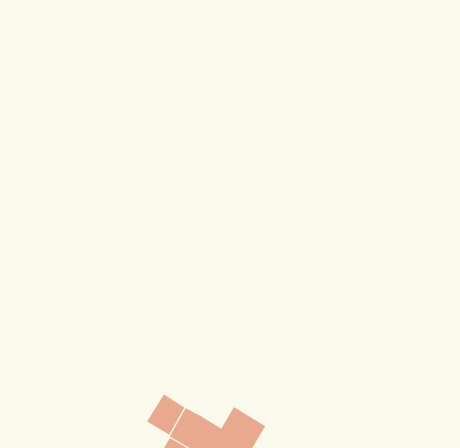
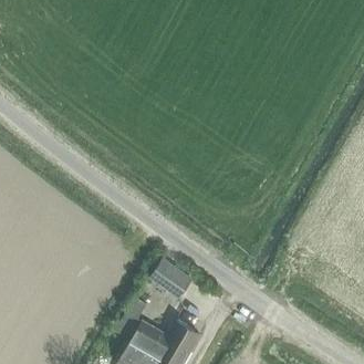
building: none -> [150,259,193,298]

